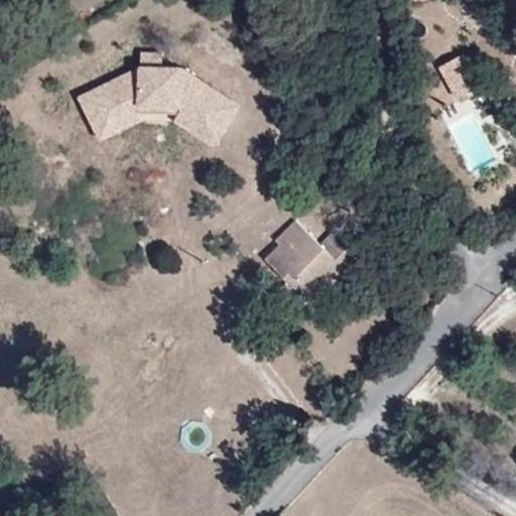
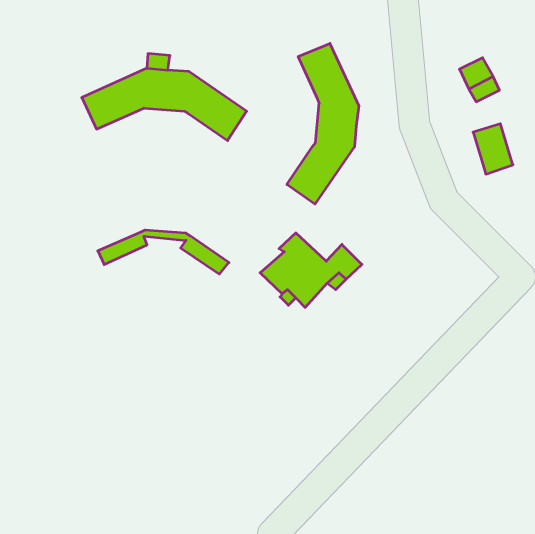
building: none -> [287,43,359,204]
building: [94,104,220,146] -> [98,230,229,274]

